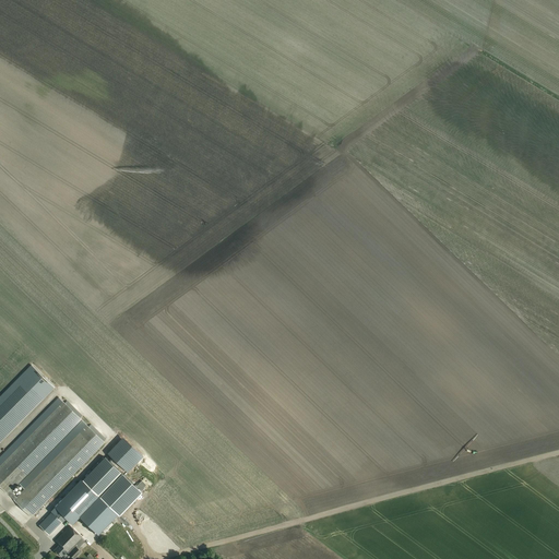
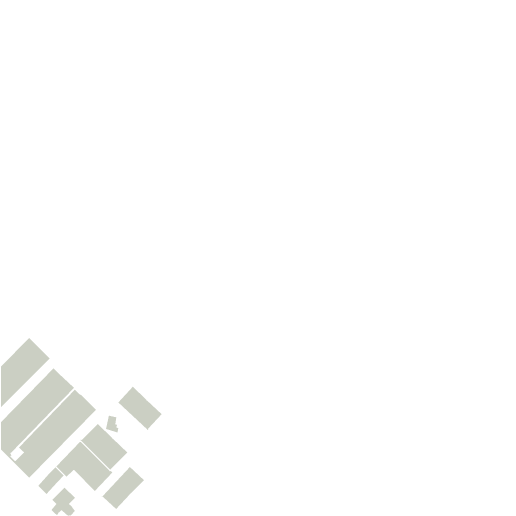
building: none -> [117,386,162,431]
building: none -> [101,466,145,510]

